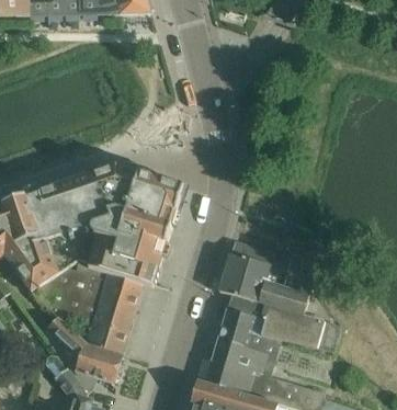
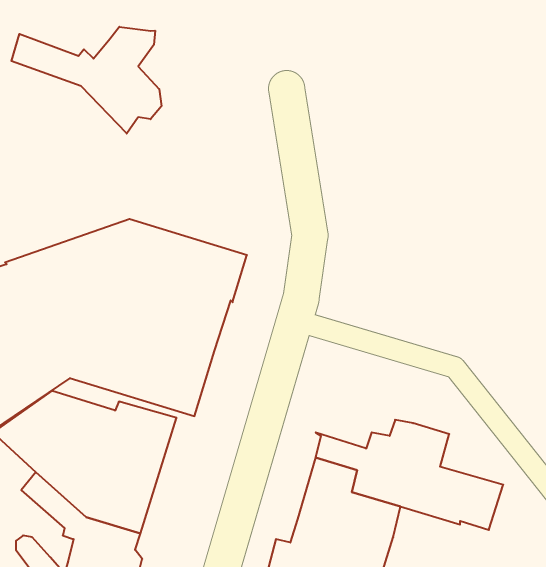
building: none -> [11,27,162,134]
building: [217,239,288,301] -> none

